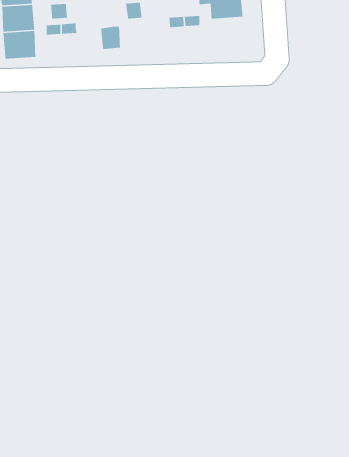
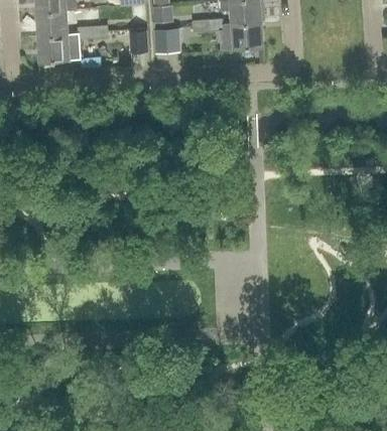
building: none -> [231,21,262,48]
building: none -> [153,27,179,51]

